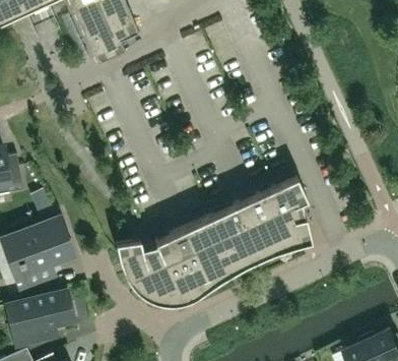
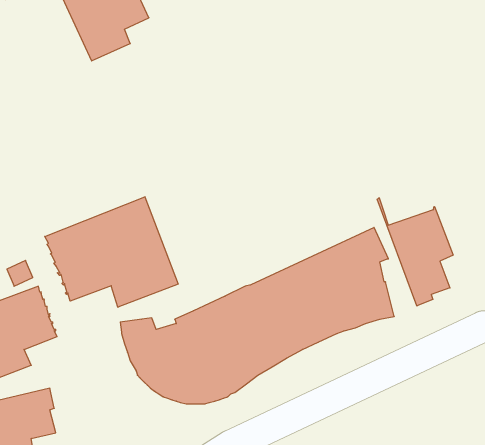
building: none -> [45,197,178,307]
building: none -> [377,198,453,306]

